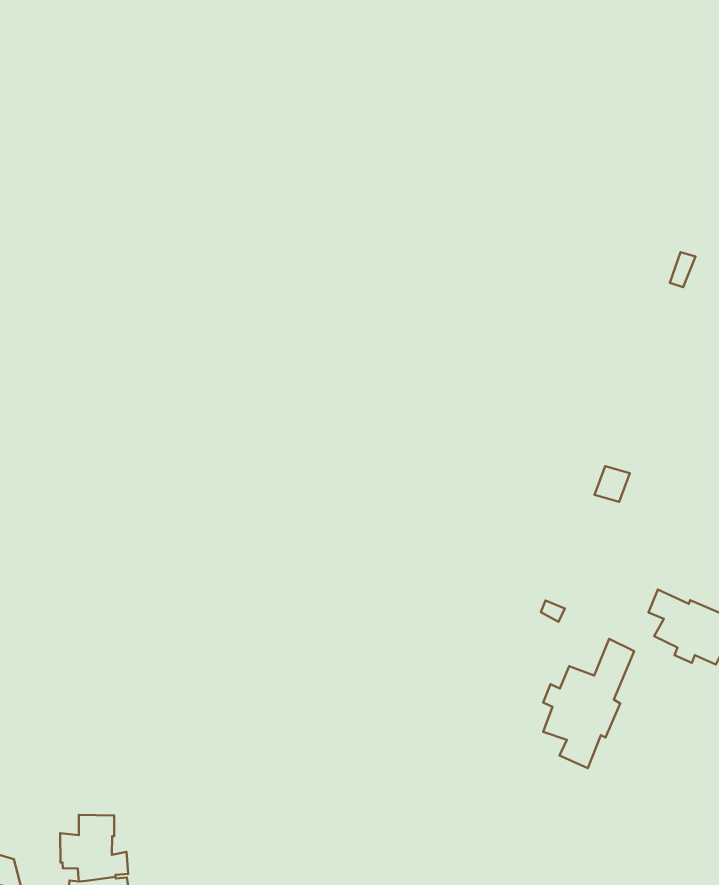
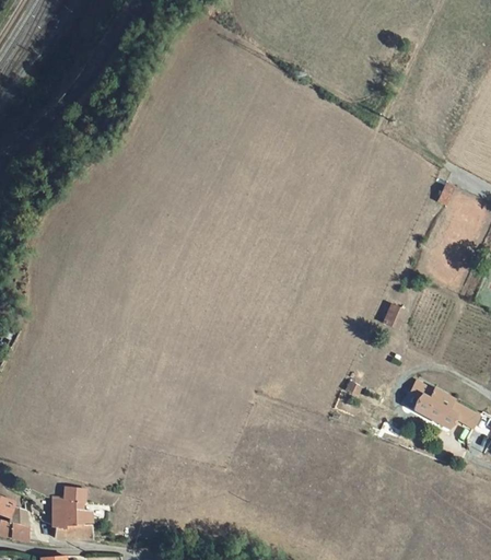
building: [543,639,634,768] -> none

